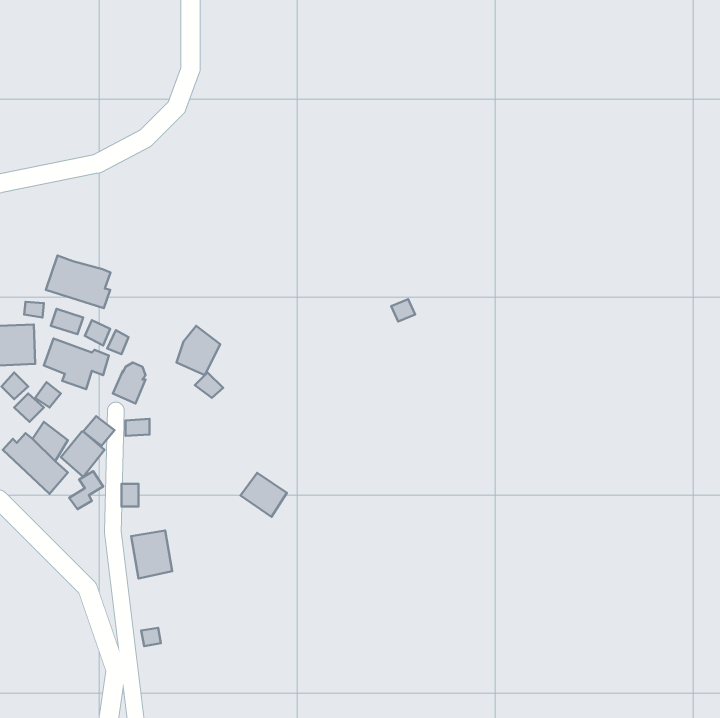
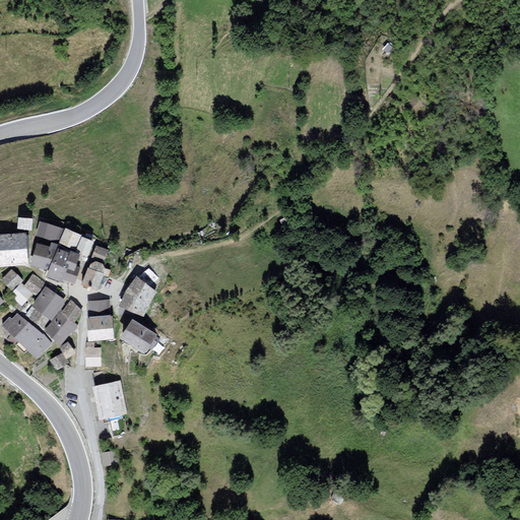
building: [46,256,110,308] -> none
building: [176,326,220,375] -> [123,279,154,315]
building: none -> [31,286,64,318]
building: none -> [88,317,112,338]
building: [240,473,287,517] -> [121,320,154,351]

